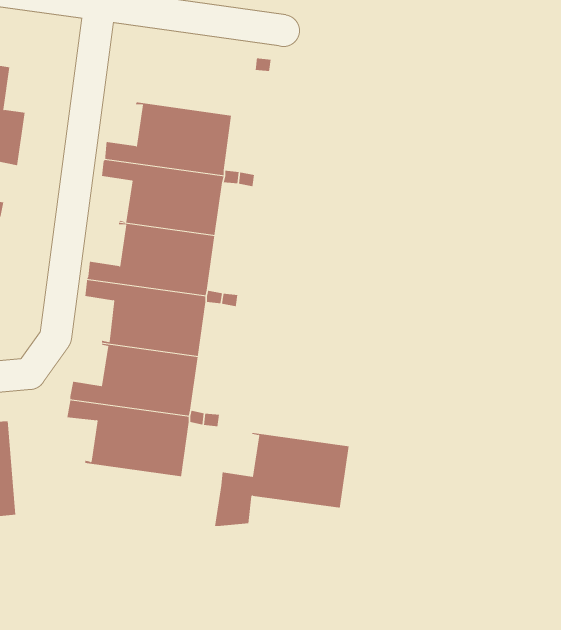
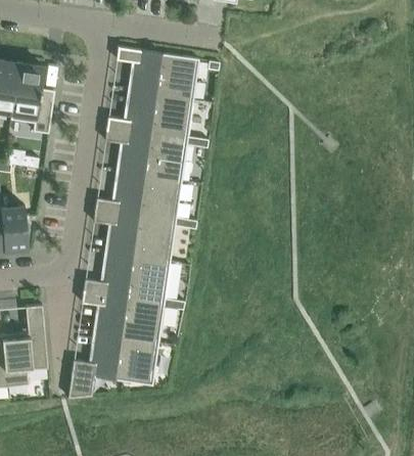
building: none -> [114,47,197,100]
building: [214,432,349,527] -> [66,334,157,398]

